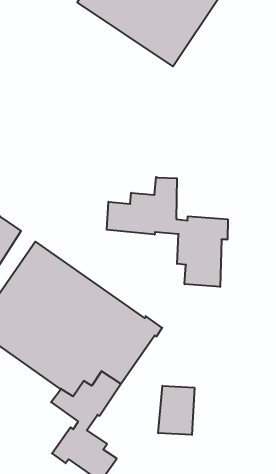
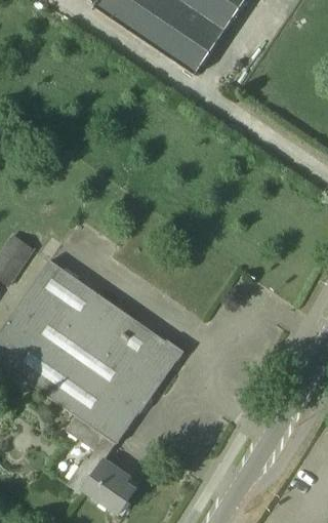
building: [107,177,228,287] -> none
building: [158,386,194,435] -> none

